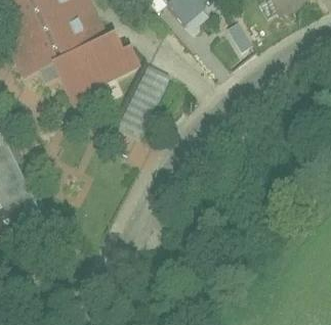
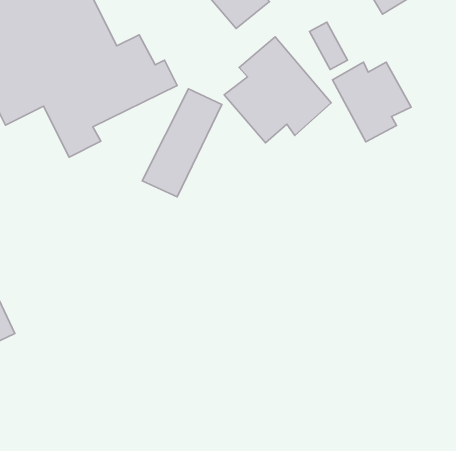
building: none -> [224,37,331,143]
building: none -> [332,62,411,142]

